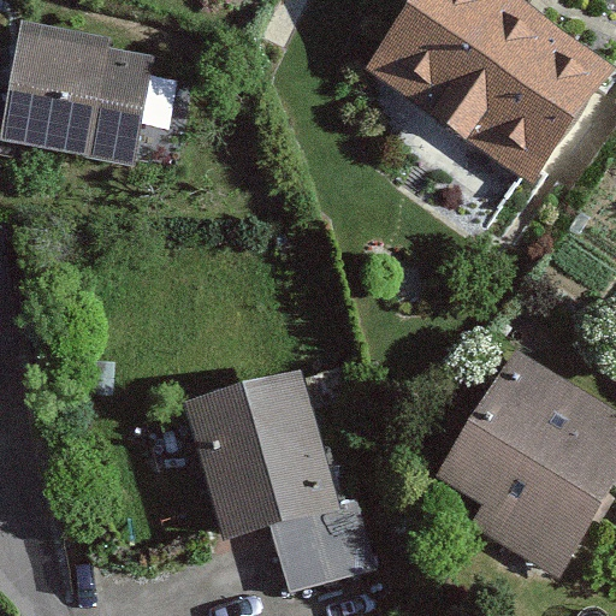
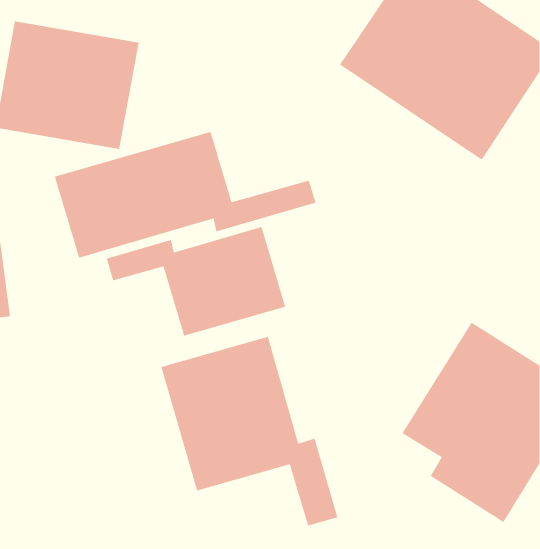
building: none -> [54,131,316,258]
building: none -> [106,226,286,337]

